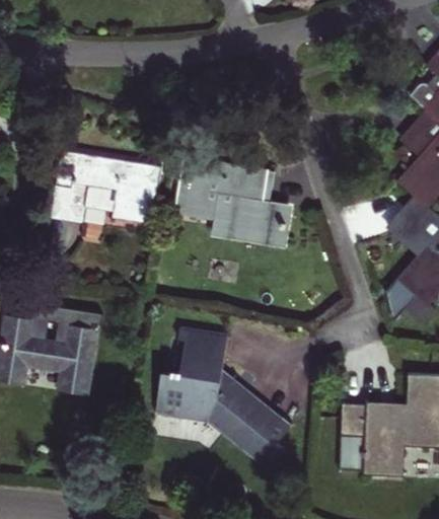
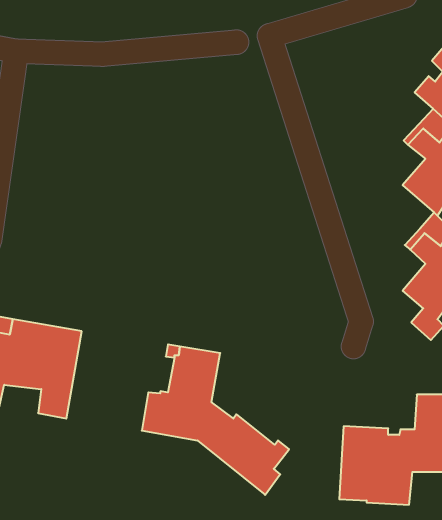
building: [51,150,162,224] -> none
building: [176,156,292,239] -> none

